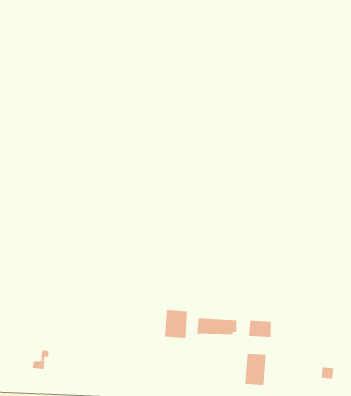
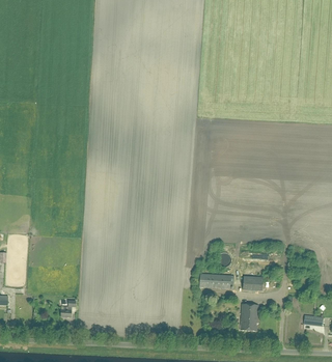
building: [165,309,188,339] -> none

